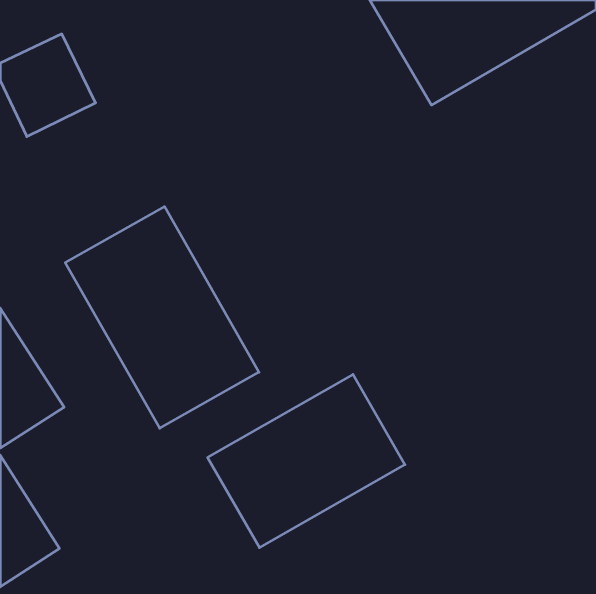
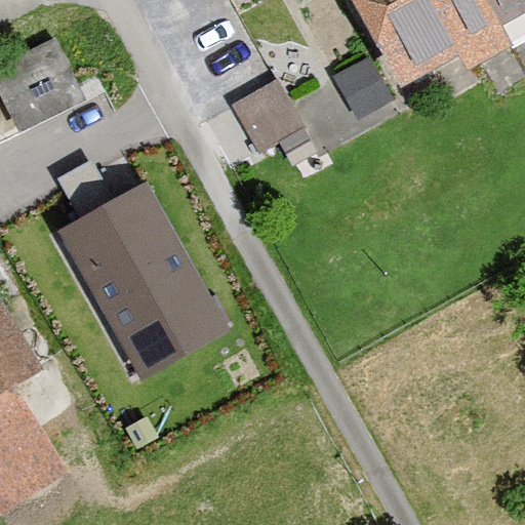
building: none -> [240,72,311,149]
building: [208,374,405,548] -> none

